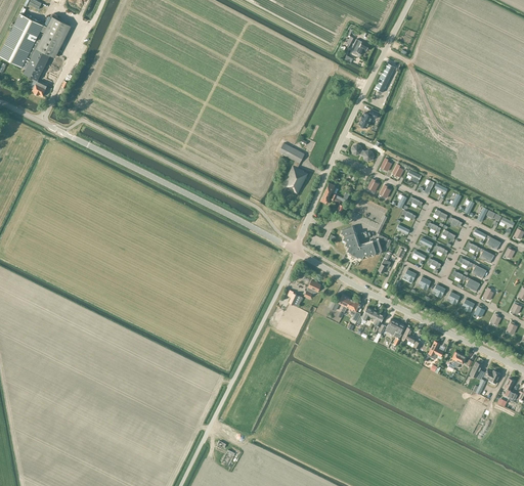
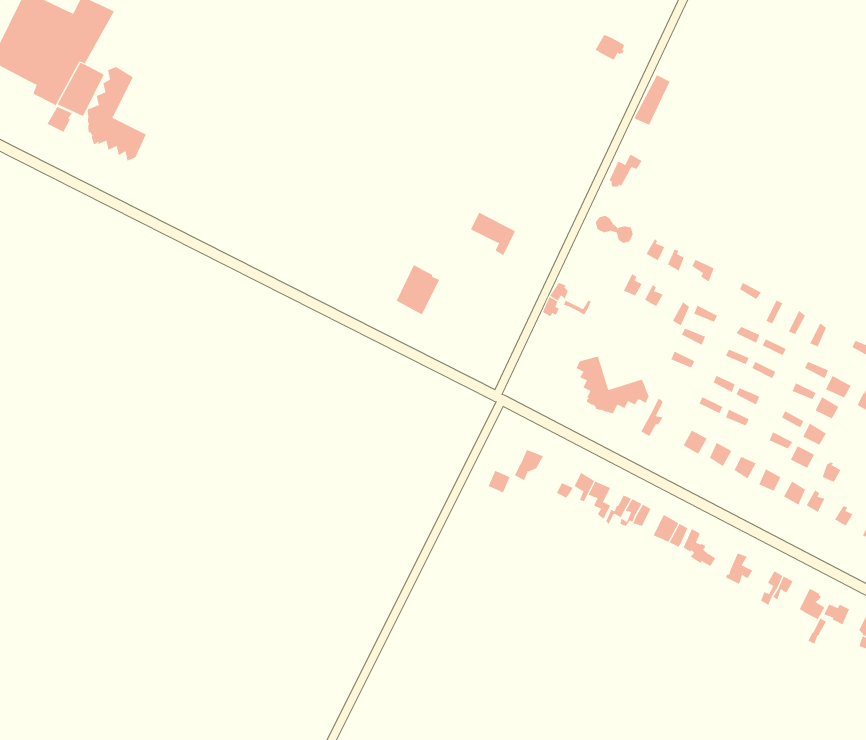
building: none -> [87,66,147,161]
building: [282,165,308,194] -> [396,264,440,315]

